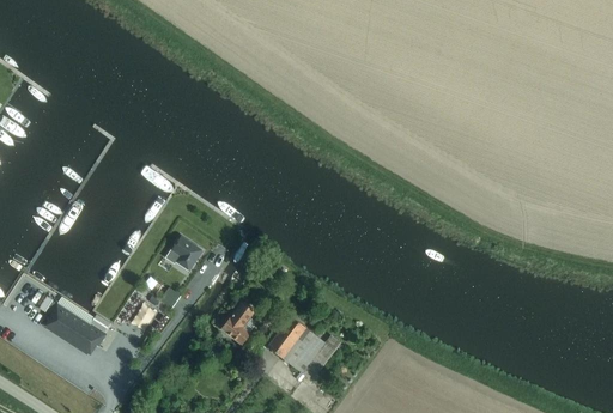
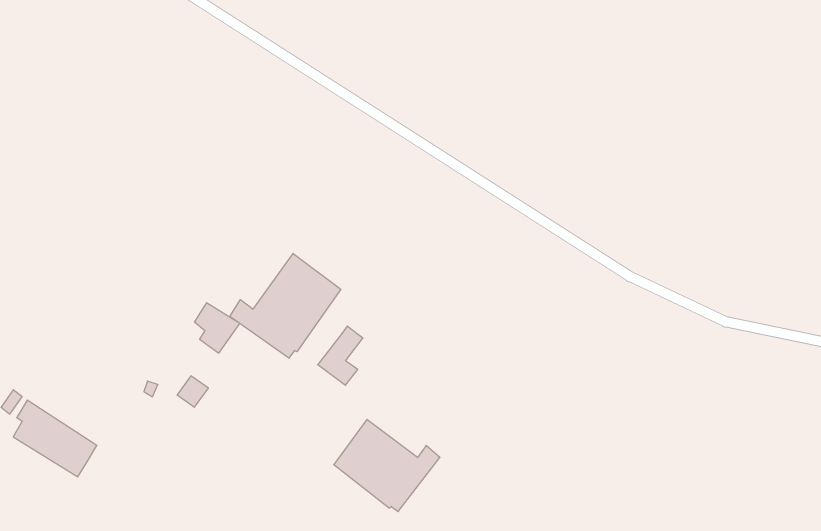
building: none -> [230,253,341,358]
building: [223,302,254,342] -> [318,326,363,385]

